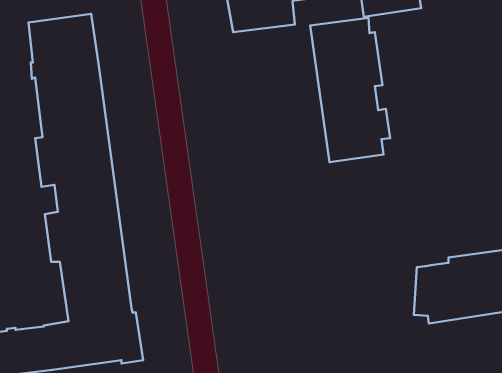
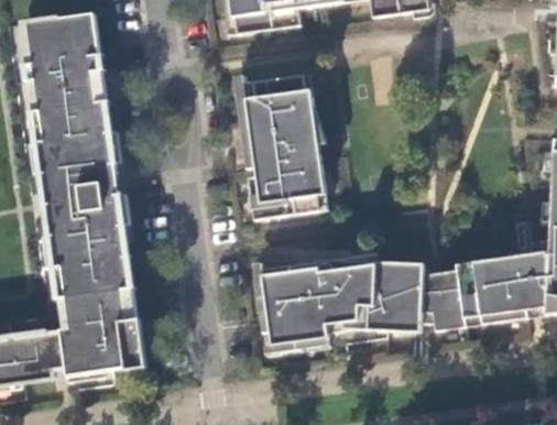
building: [310,18,390,162] -> [244,72,326,218]
building: none -> [261,258,425,352]

